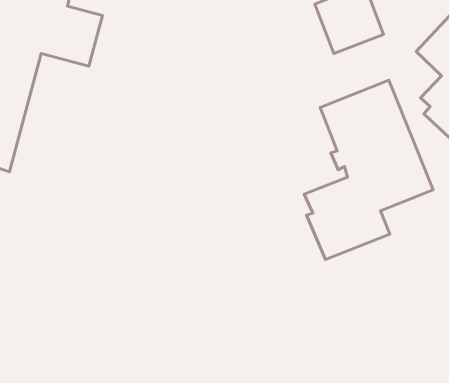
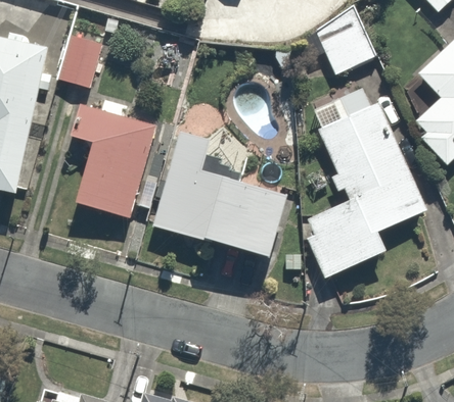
building: none -> [67,101,156,217]
building: none -> [153,125,281,253]

